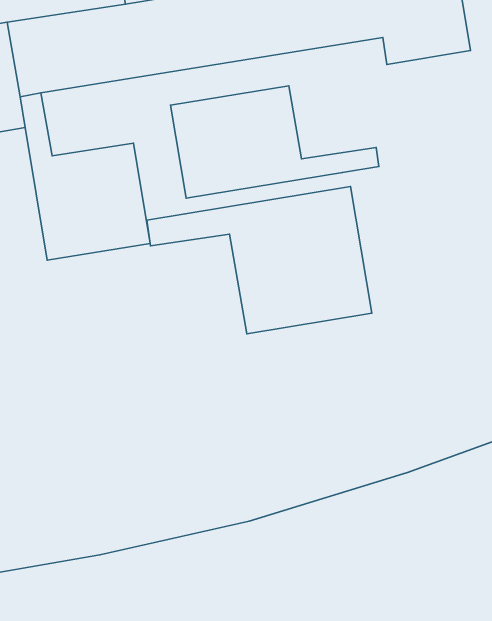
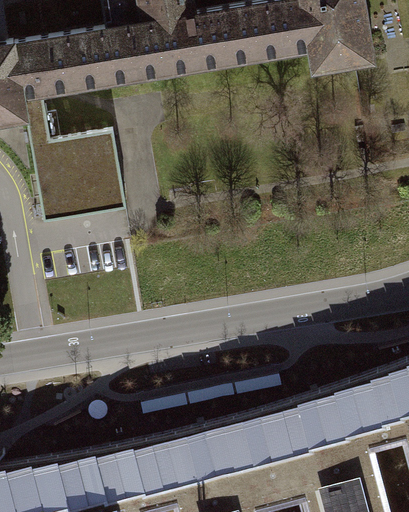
building: [171,86,379,198] -> none
building: [147,187,372,334] -> none

